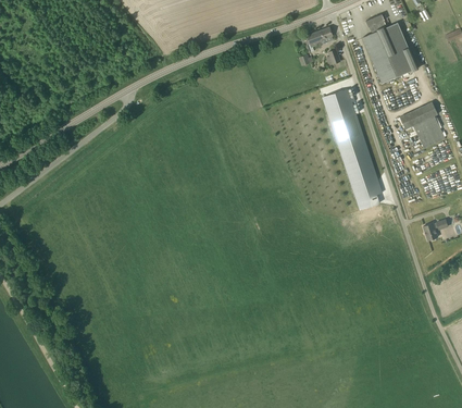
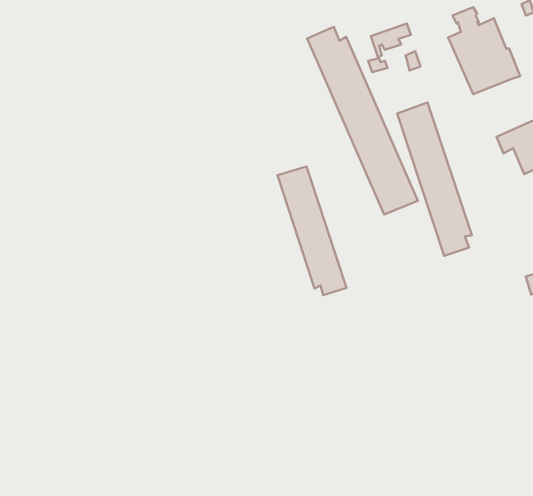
building: none -> [307,27,418,214]
building: none -> [277,167,346,295]

